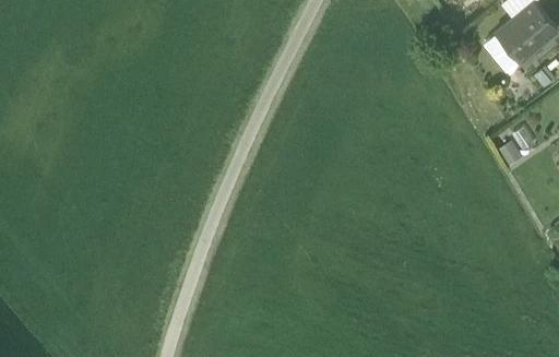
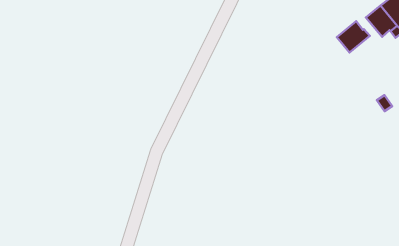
building: none -> [337,21,370,52]

